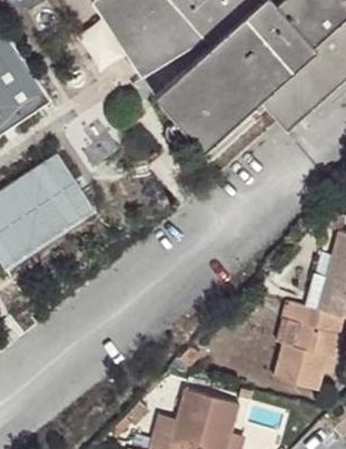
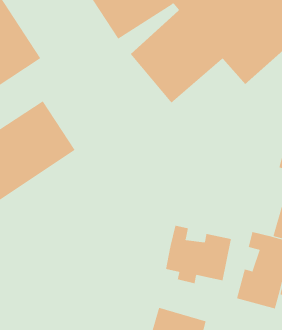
building: none -> [165,225,232,284]

